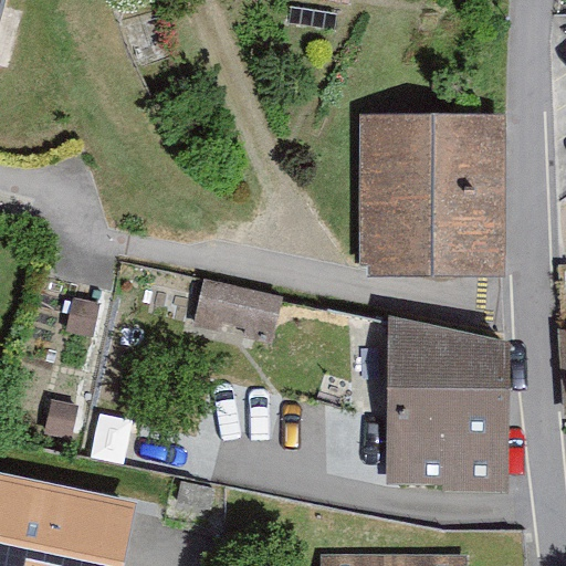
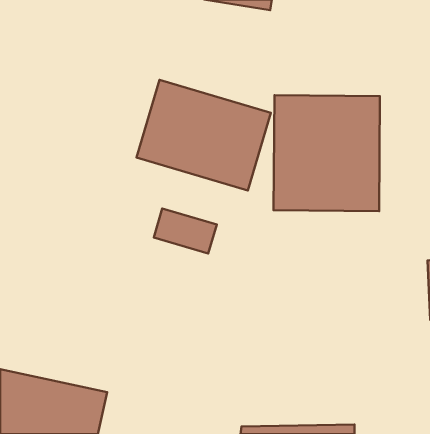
building: none -> [136,80,271,190]
building: [385,335,505,484] -> none

